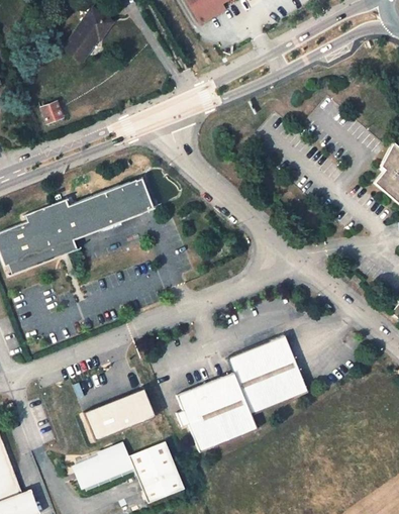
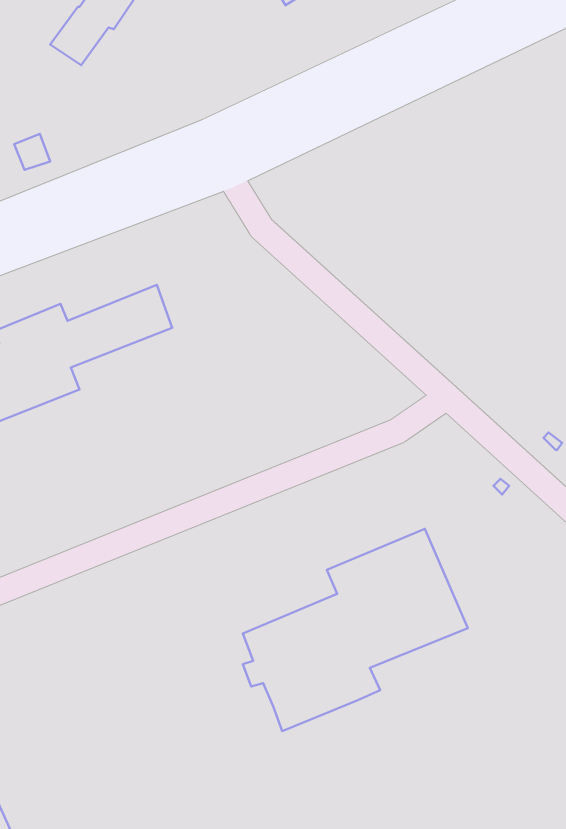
building: [125,182,155,215] -> none
building: [83,387,158,439] -> none
building: [72,440,180,503] -> none

